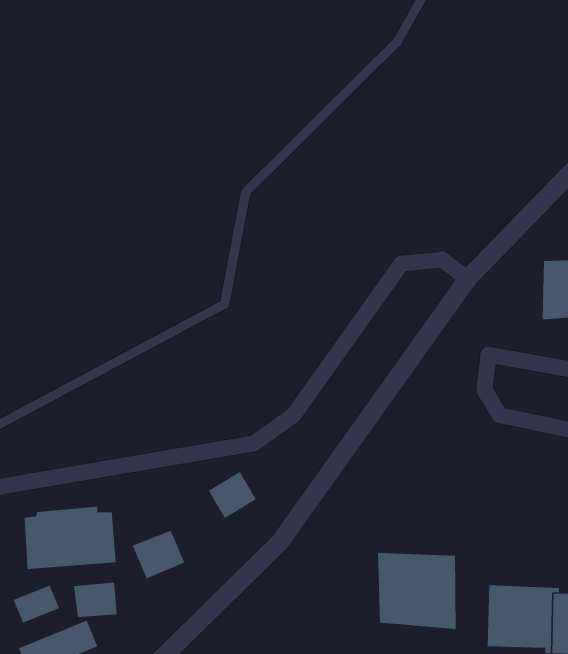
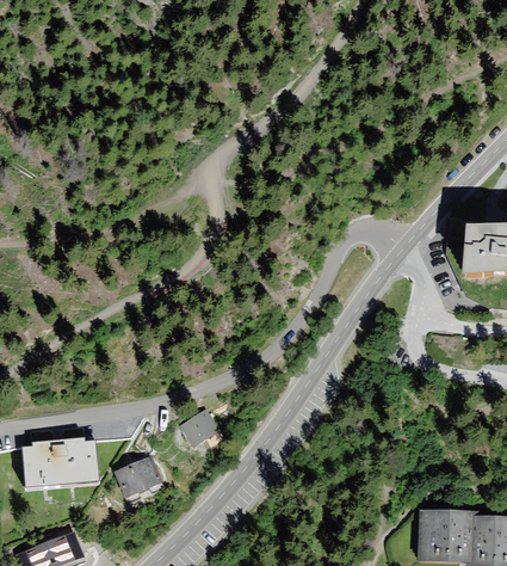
building: [378,552,456,630] -> none
building: [74,582,117,618] -> none
building: [13,585,60,623] -> none

